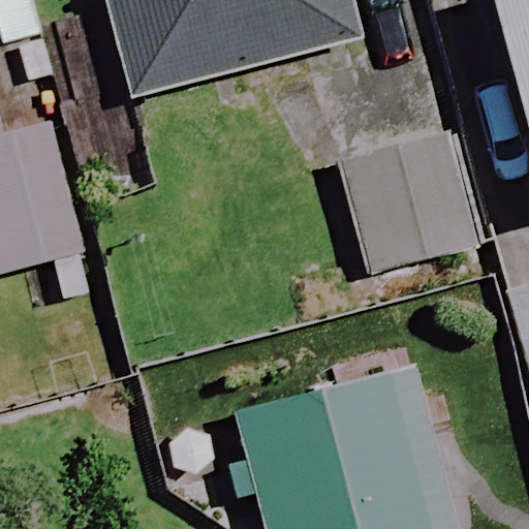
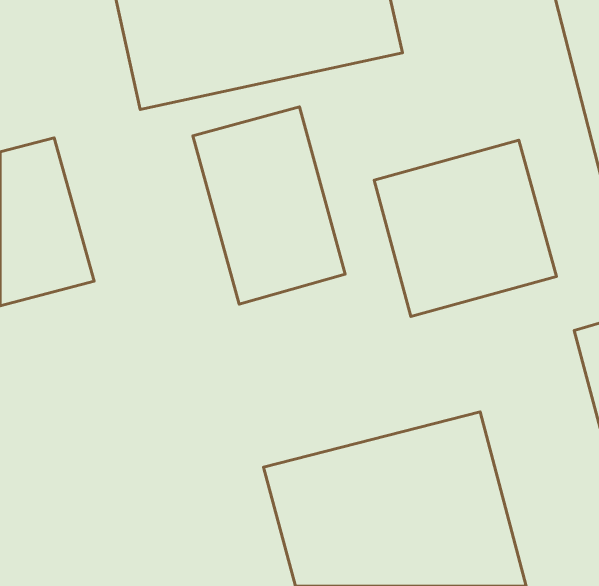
building: none -> [193,107,345,304]

